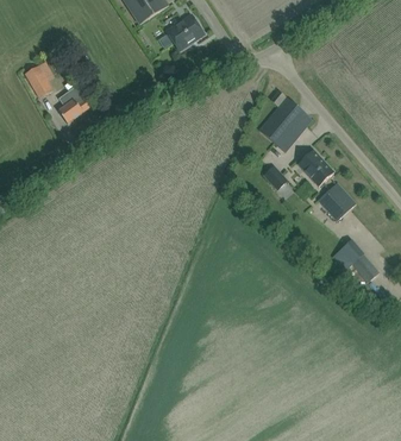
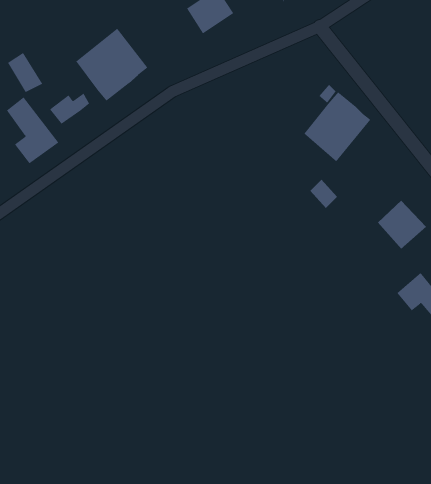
building: none -> [75,28,148,101]
building: none -> [6,96,59,164]
building: [297,147,333,184] -> none

